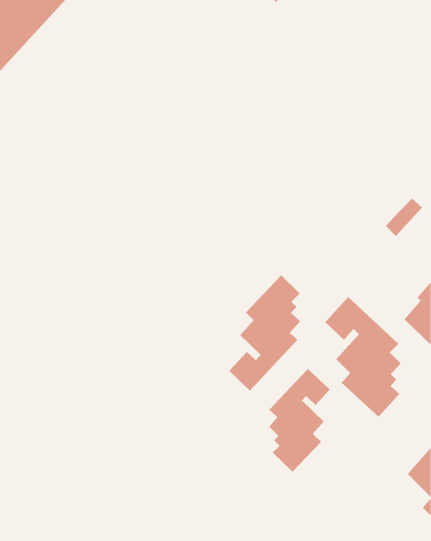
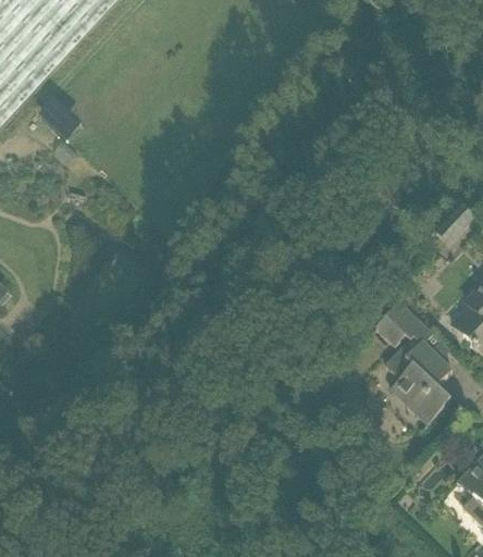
building: [228,275,301,391] -> none
building: [268,368,330,472] -> none

